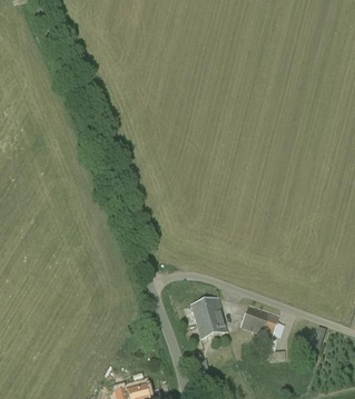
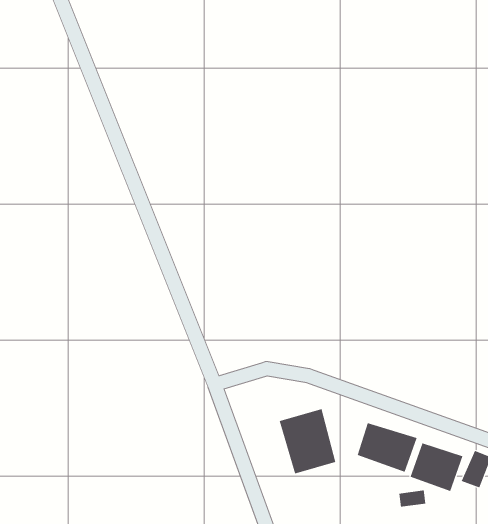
building: none -> [410,443,463,492]

